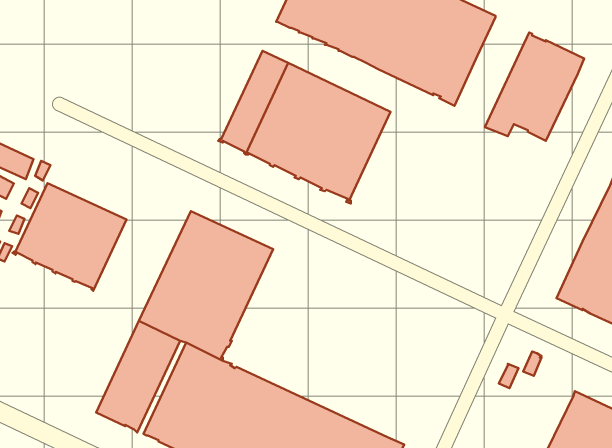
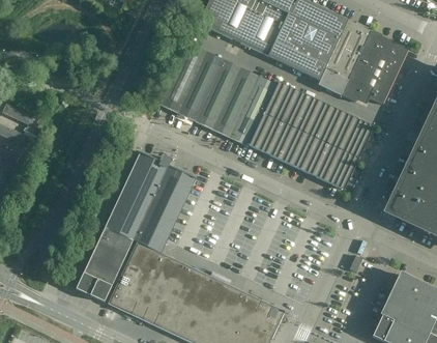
building: none -> [319,19,370,94]
building: none -> [249,81,372,189]
building: [12,183,126,291] -> none

